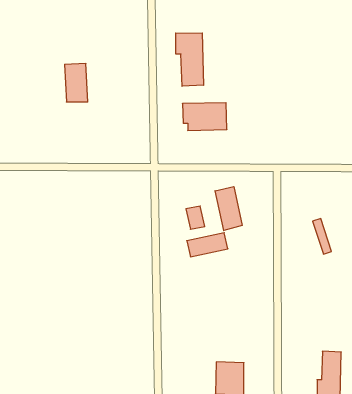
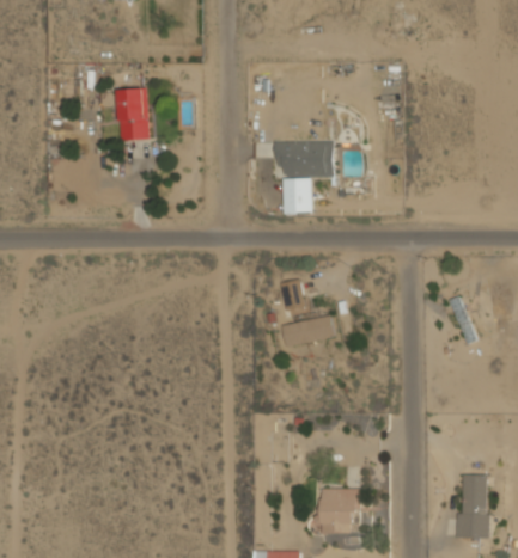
building: [176,33,204,86] -> none
building: none -> [282,177,312,214]
building: [215,187,242,231] -> none

